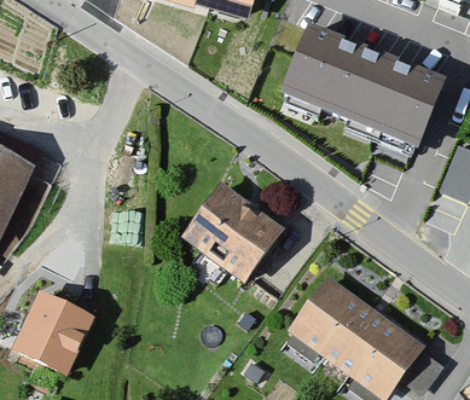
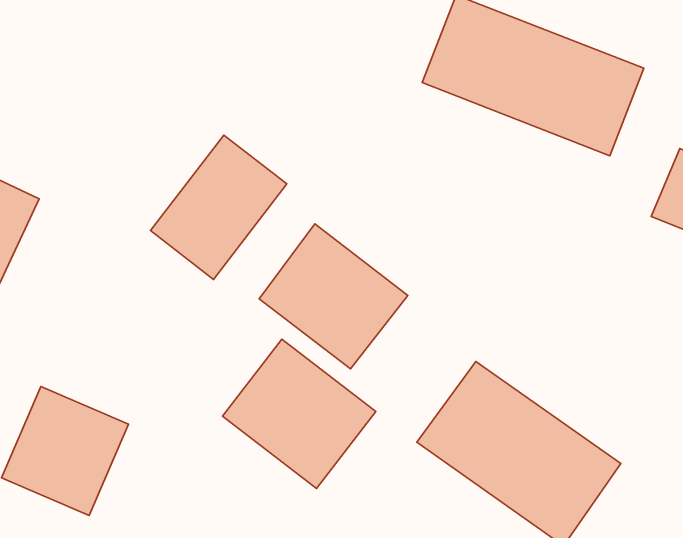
building: none -> [151,135,287,279]
building: none -> [222,339,376,488]

